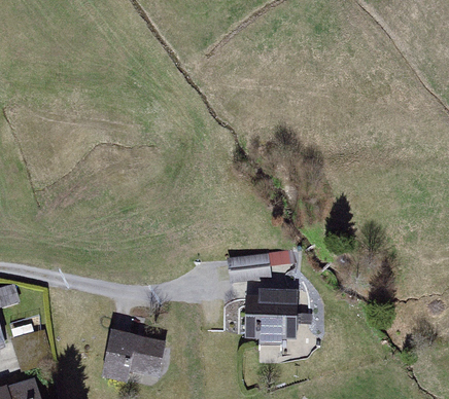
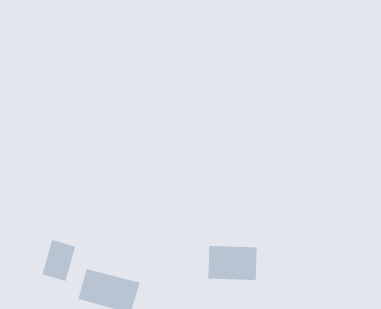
building: none -> [42,239,76,282]

